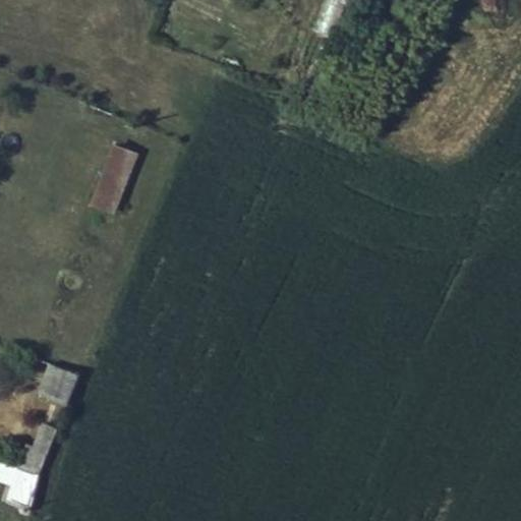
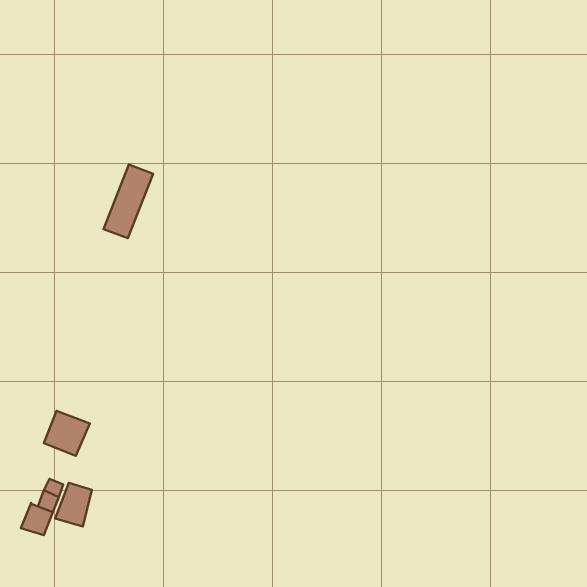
building: [6,468,39,507] -> [55,483,92,527]

